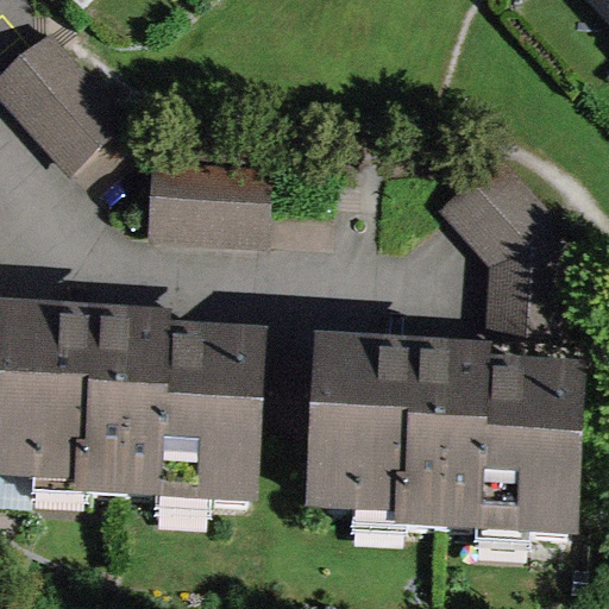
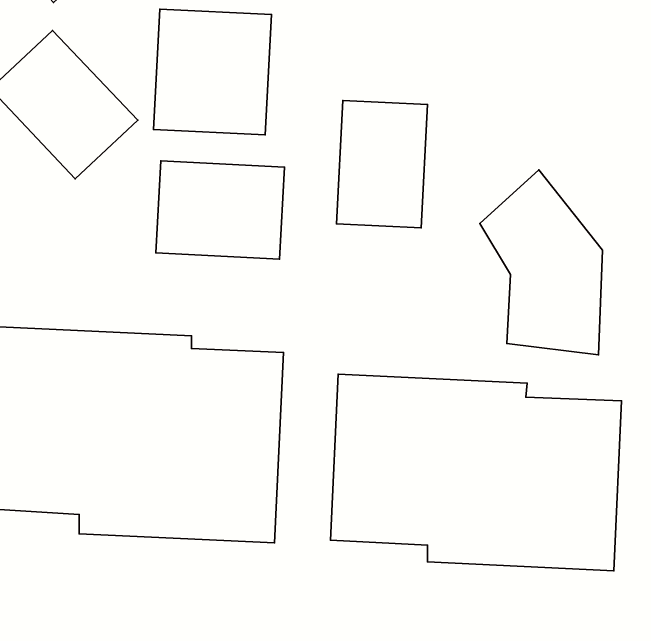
building: none -> [153,9,271,135]
building: none -> [337,101,427,228]

